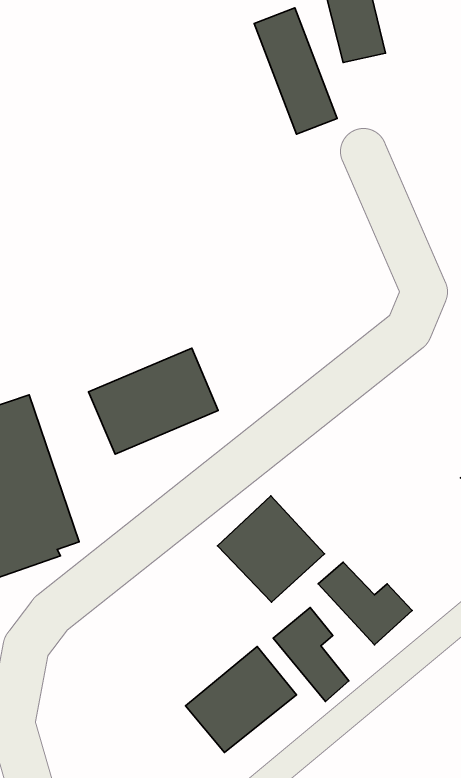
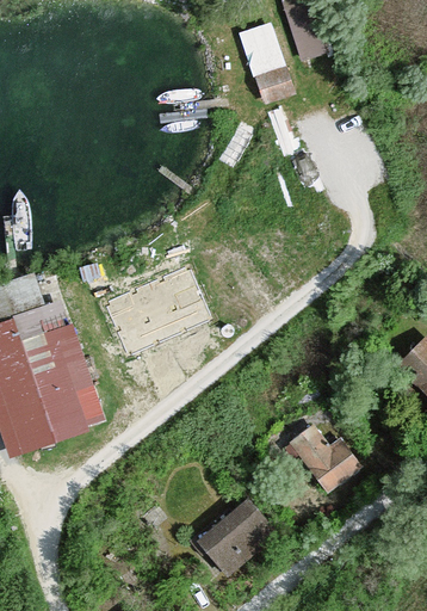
building: [217,496,324,602] -> none
building: [273,608,349,701] -> none

